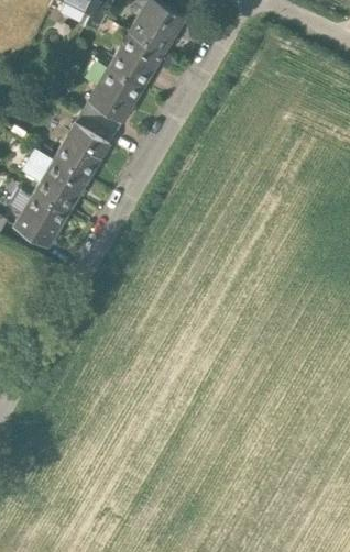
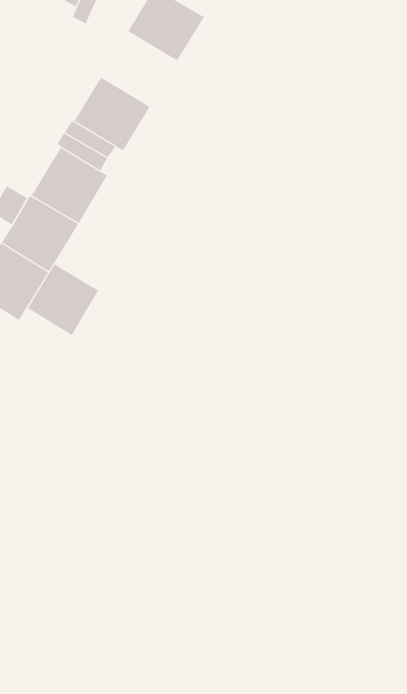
building: [109,27,168,86] -> none
building: none -> [27,264,99,336]

